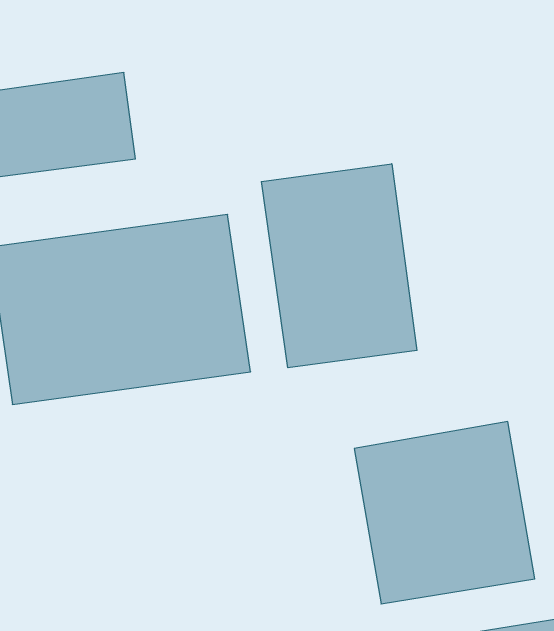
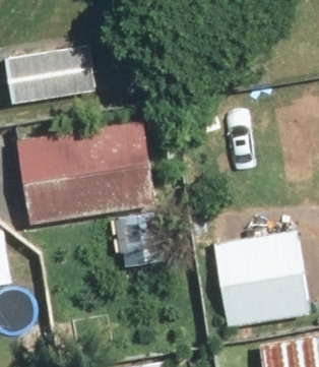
building: [261,164,417,368] -> none

